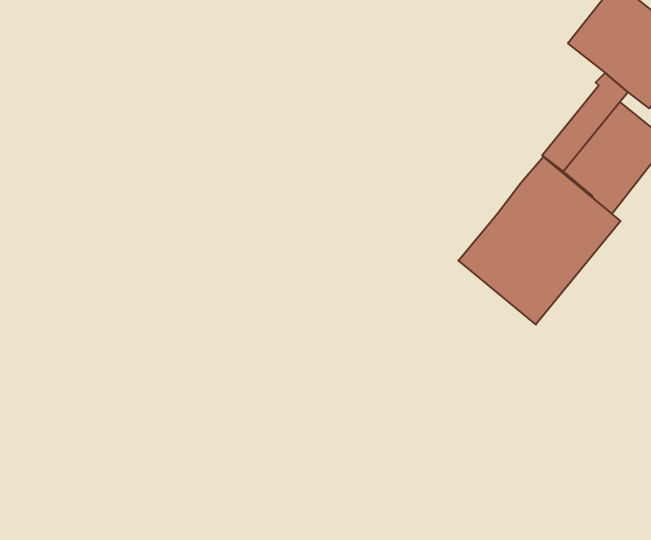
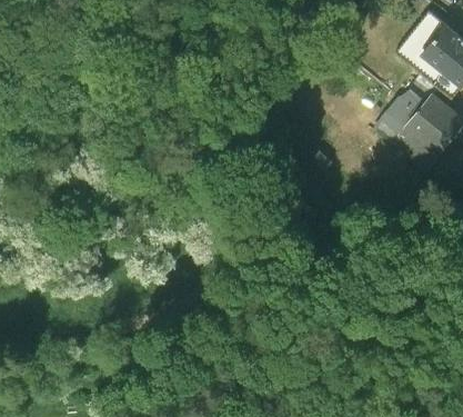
building: [458,157,621,325] -> none

